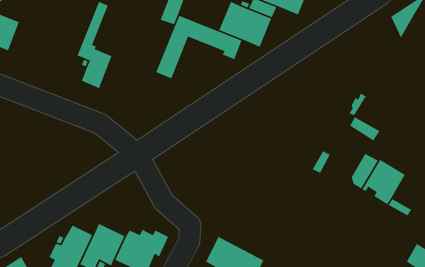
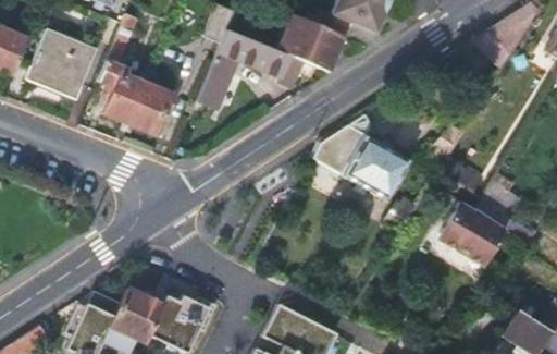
building: none -> [26,28,97,100]
building: none -> [128,81,177,133]
building: none -> [311,114,407,199]

